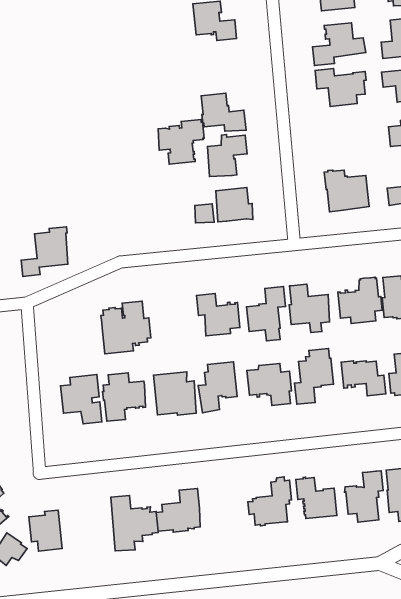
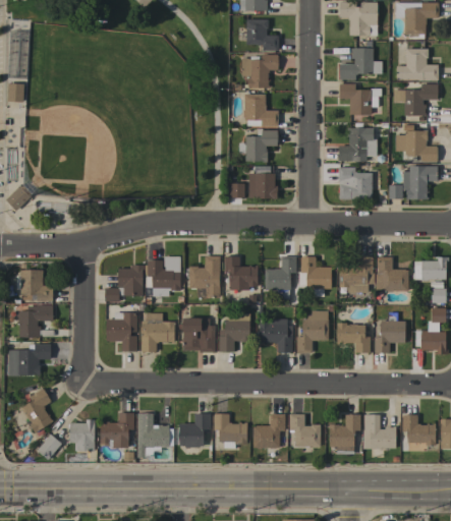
building: [158,120,204,164] -> [241,54,279,88]
building: none -> [339,127,377,161]
building: [21,227,68,276] -> [105,265,145,301]
building: none -> [189,255,221,297]
building: none -> [215,413,247,448]
building: none -> [98,412,134,448]

